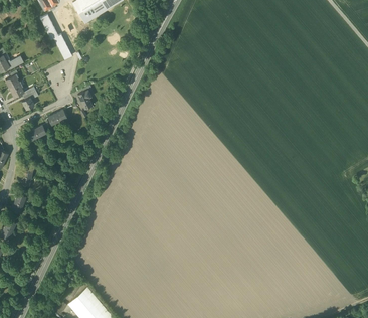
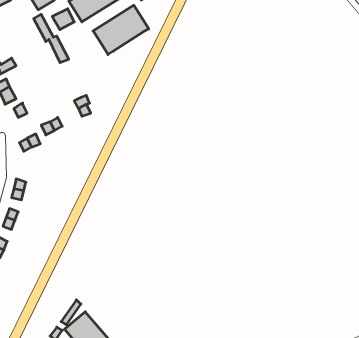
building: none -> [93,5,149,55]

